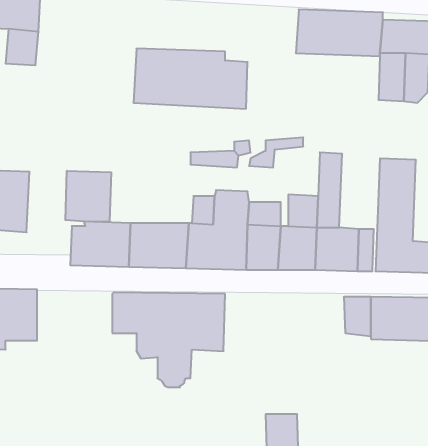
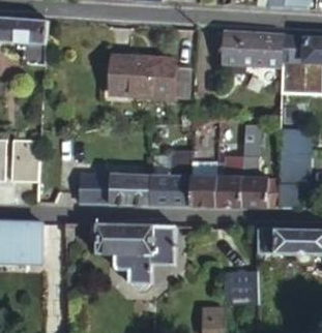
building: [65,171,111,222] -> none
building: none -> [227,270,258,301]

